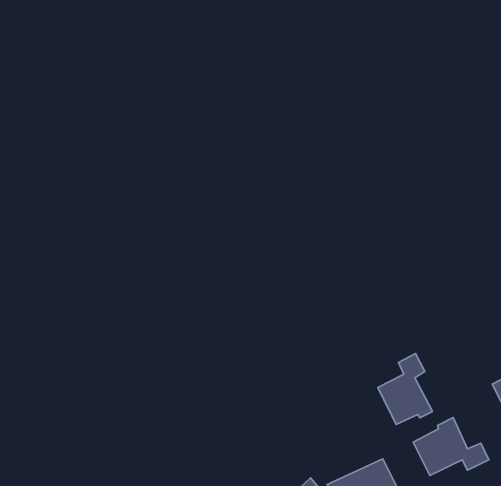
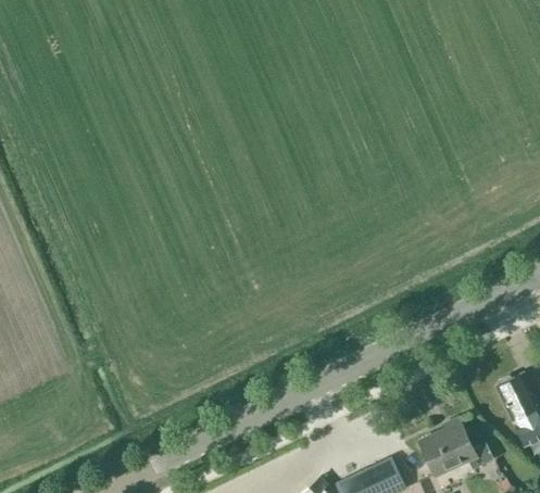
building: [378,353,433,425] -> none

